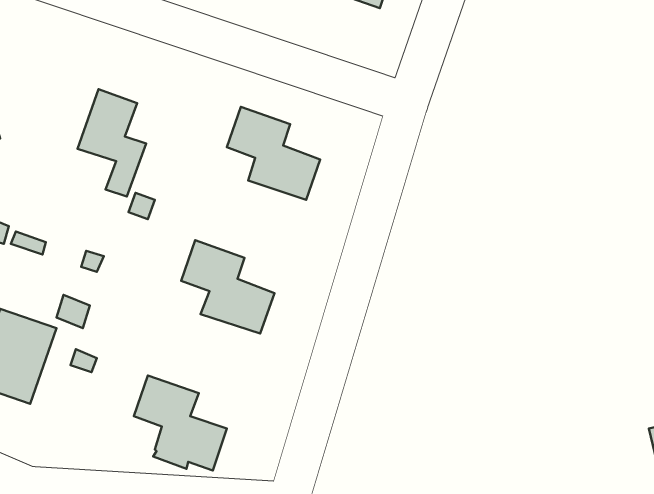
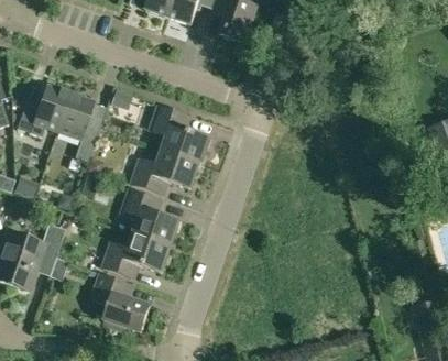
building: none -> [17,86,69,135]
building: none -> [131,151,199,195]
building: none -> [102,234,171,278]

